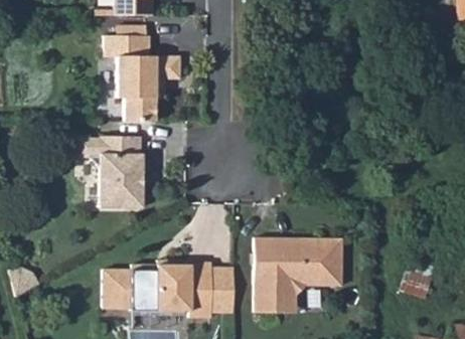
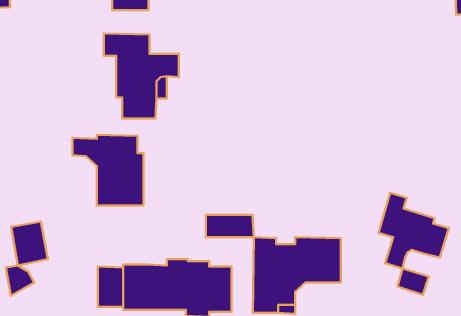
building: none -> [379,193,449,268]
building: none -> [206,215,254,237]
building: none -> [11,221,48,265]

